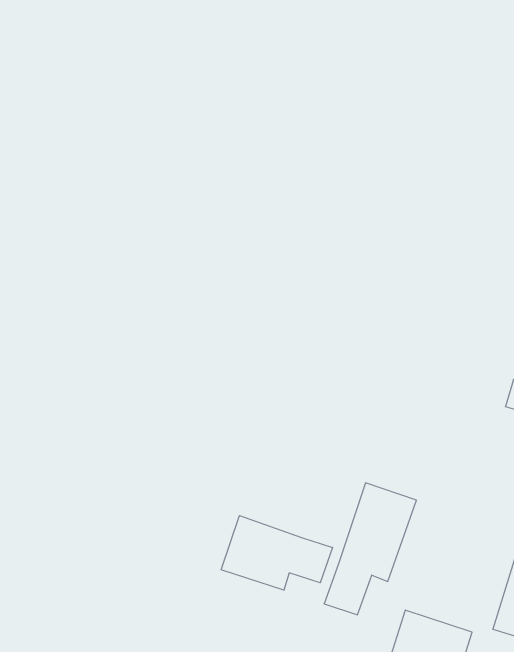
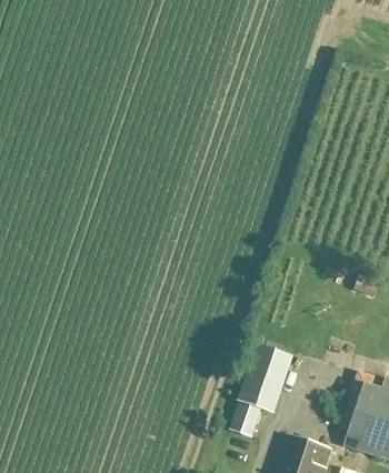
building: [221,516,333,590] -> none

